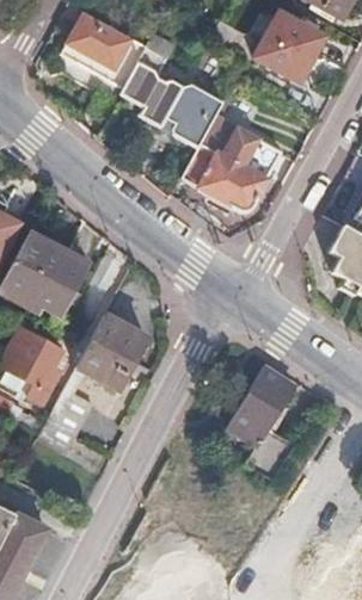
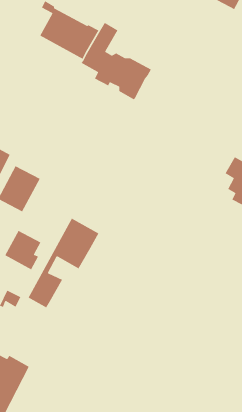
building: [253,11,324,82] -> none
building: [180,115,281,210] -> none
building: [36,258,88,321] -> none
building: [231,365,294,481] -> none

